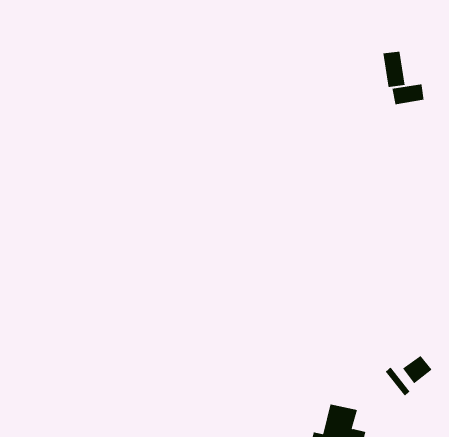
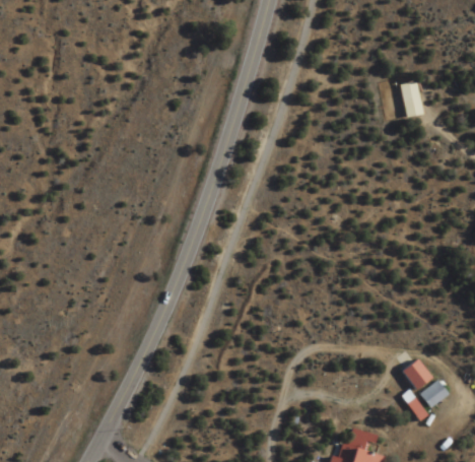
building: [392,83,424,105] -> none
building: none -> [403,357,435,391]

